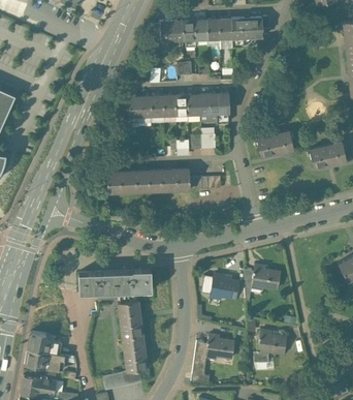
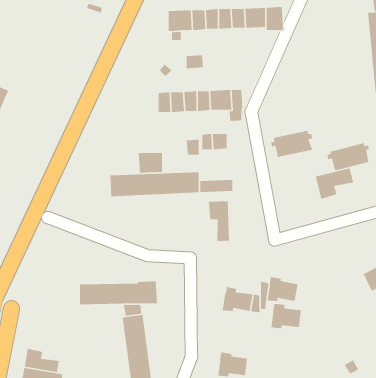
building: [128,97,151,117] -> [138,152,163,174]
building: none -> [315,167,354,200]
building: none -> [208,200,230,242]
building: [257,331,286,355] -> [270,303,302,329]

